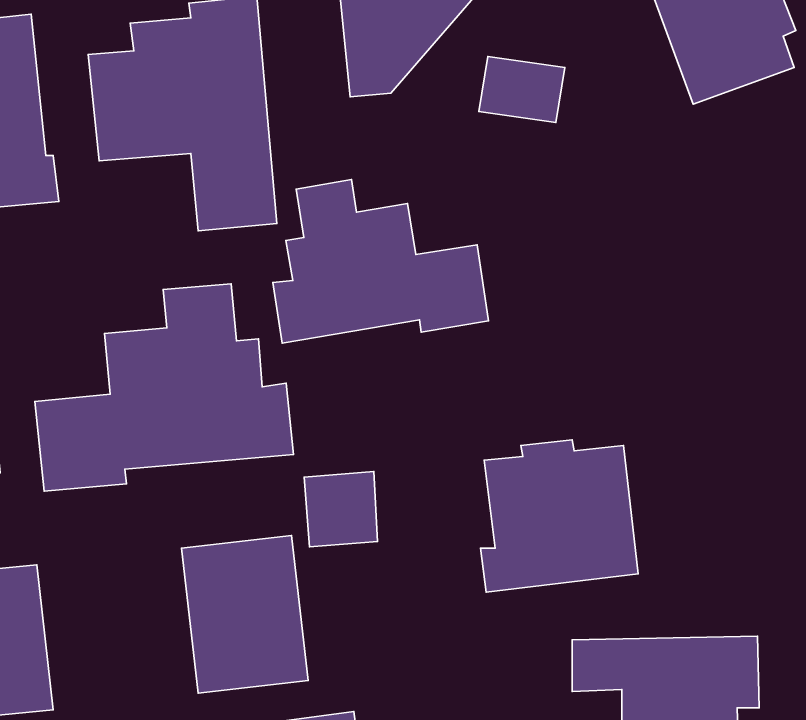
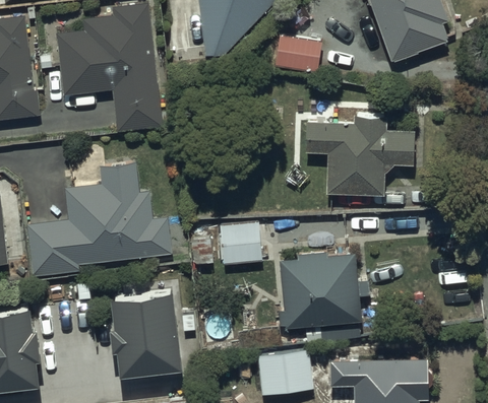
building: [273,180,489,343] -> none
building: none -> [306,113,414,195]
building: [304,472,378,547] -> [220,223,260,265]
building: none -> [257,351,312,396]

